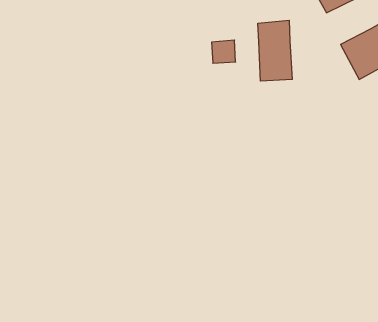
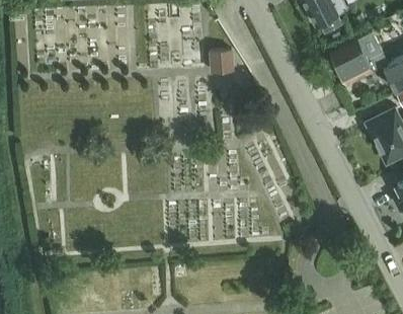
building: [258,20,292,81] -> none

